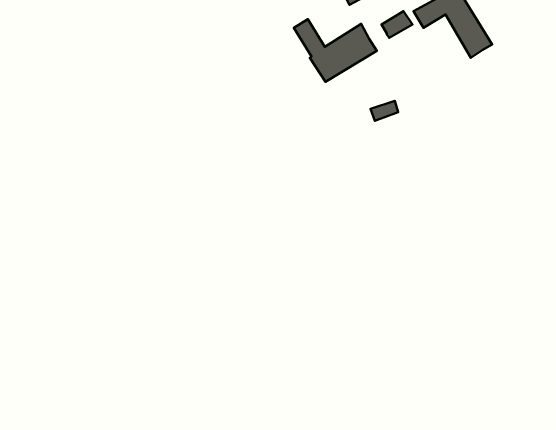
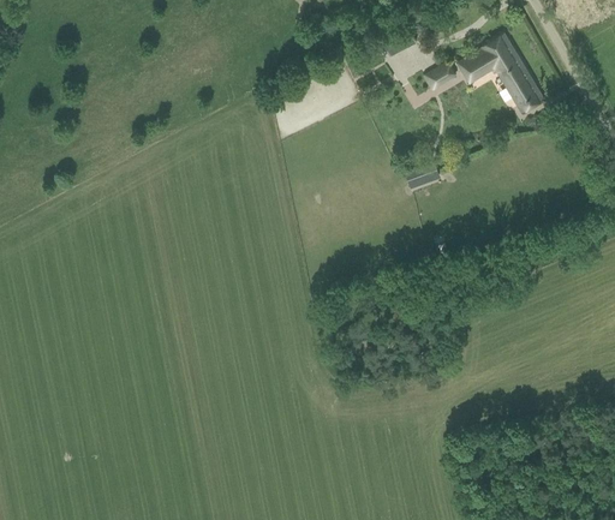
building: [294,19,377,82] -> none

